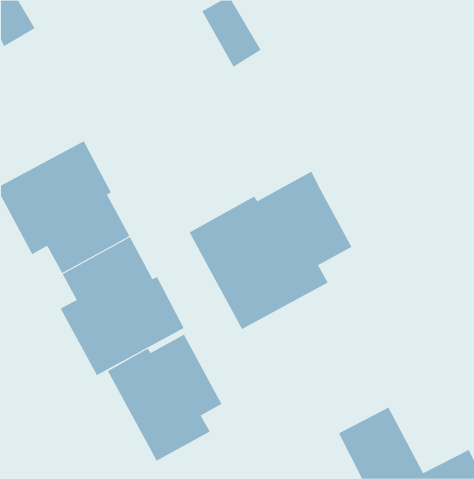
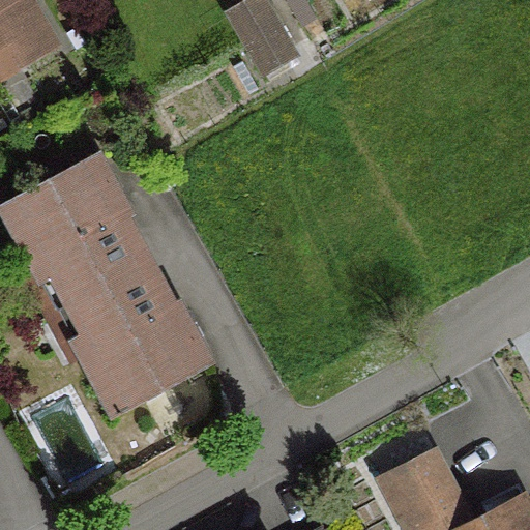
building: [189,171,352,330] -> none
building: [107,334,222,461] -> none

